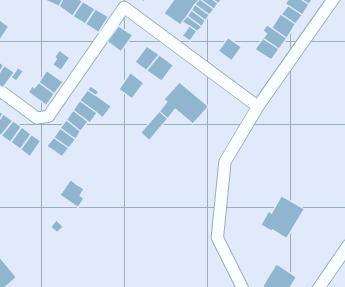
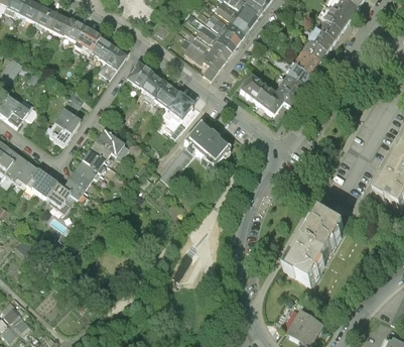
building: none -> [254,84,295,112]
building: [119,73,144,99] -> [139,72,165,99]
building: none -> [303,211,346,252]
building: [60,179,84,208] -> [44,182,70,211]

